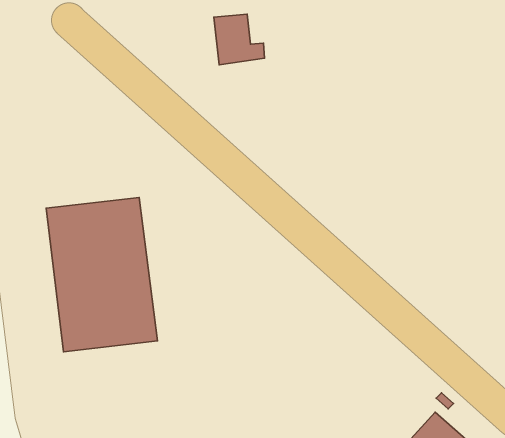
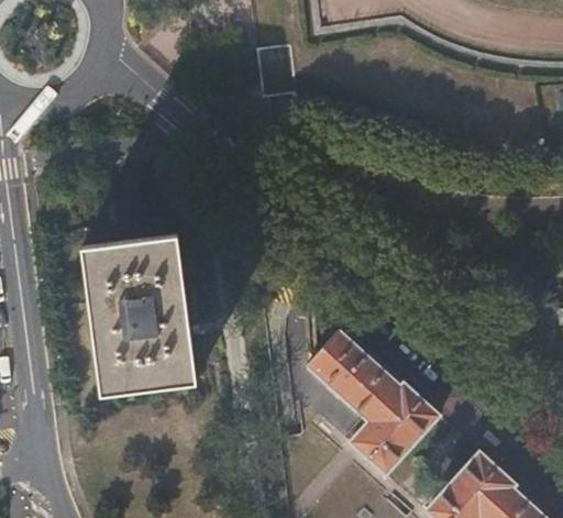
building: none -> [307,330,438,475]

